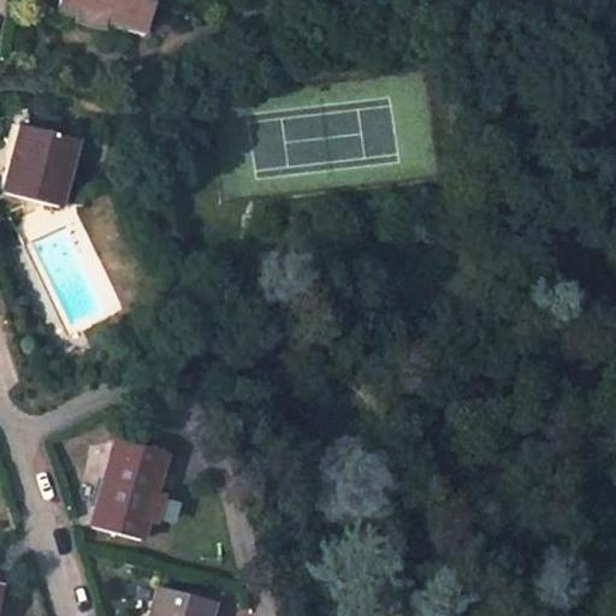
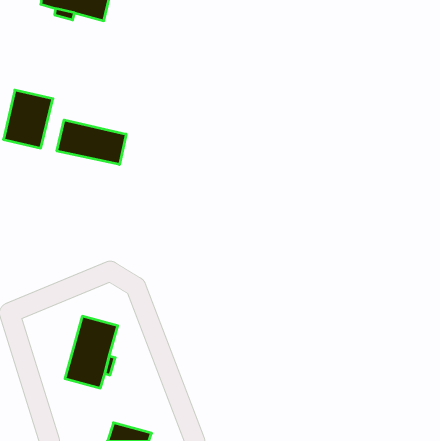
building: none -> [57,120,126,165]

